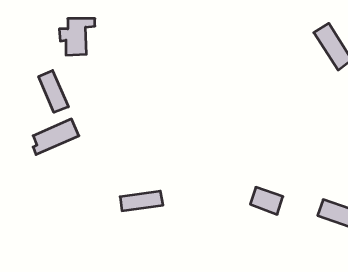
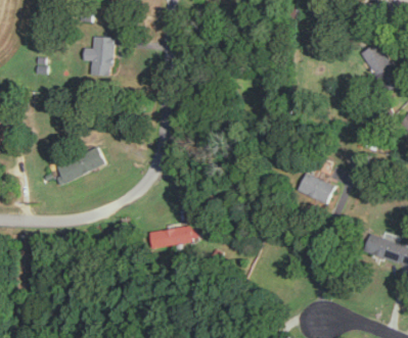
building: [39,70,68,112] -> none
building: [250,187,283,214] -> [299,175,334,204]

